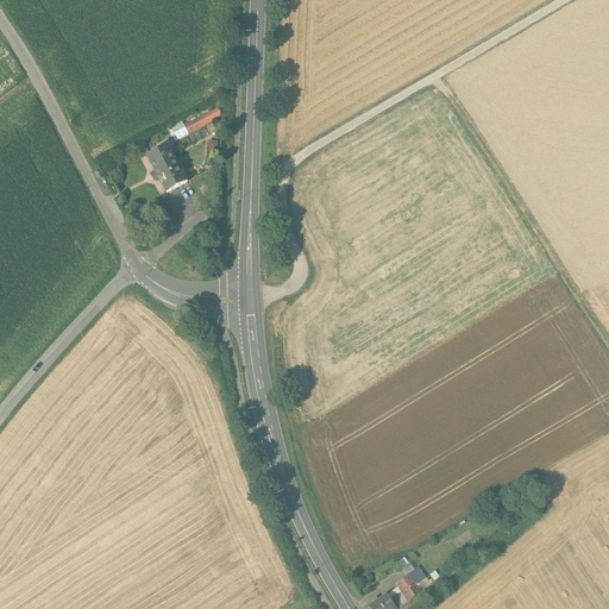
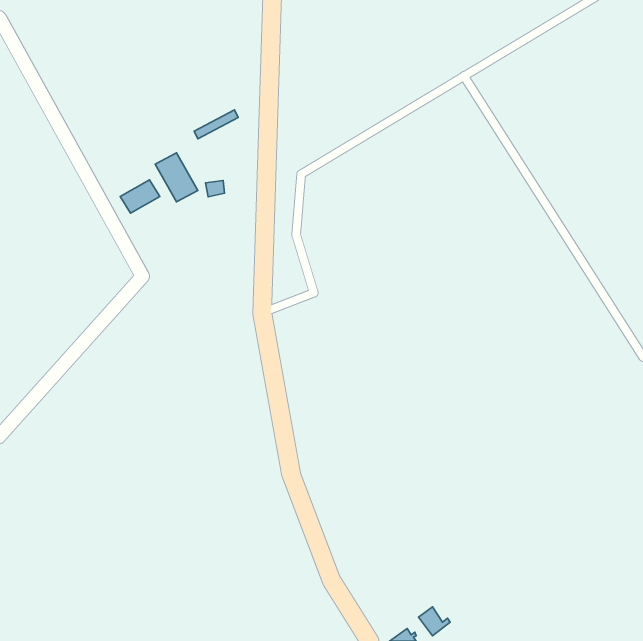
building: none -> [120,180,160,213]

